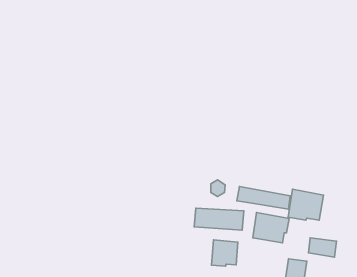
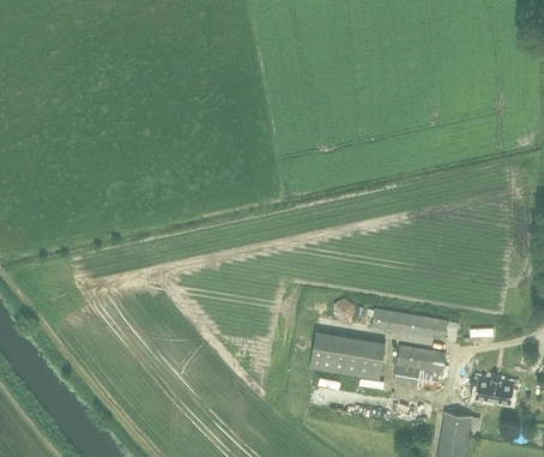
building: [288,189,323,220] -> none
building: [212,240,238,266] -> none

